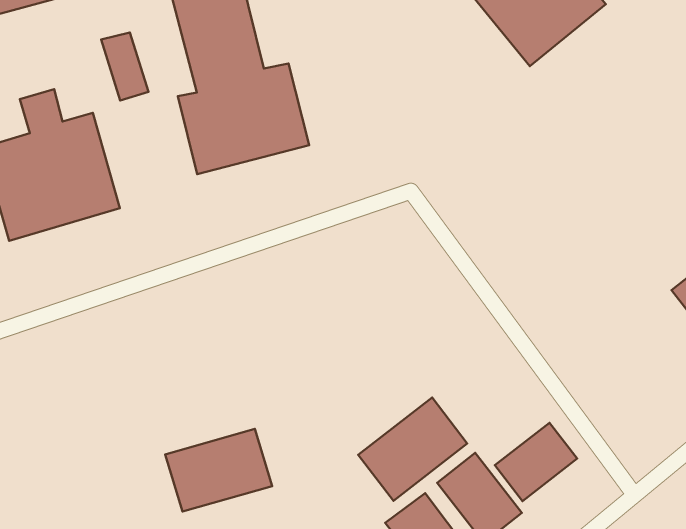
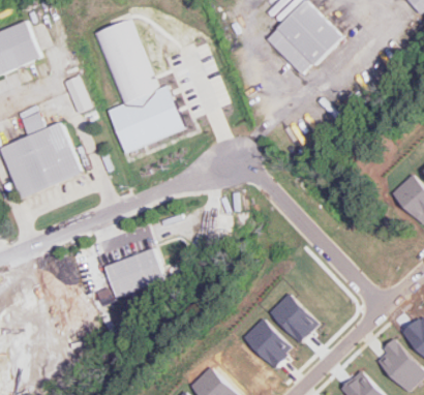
building: [358,397,467,501] -> none
building: [495,423,577,501] -> none
building: [165,429,272,512] -> [104,248,165,298]

